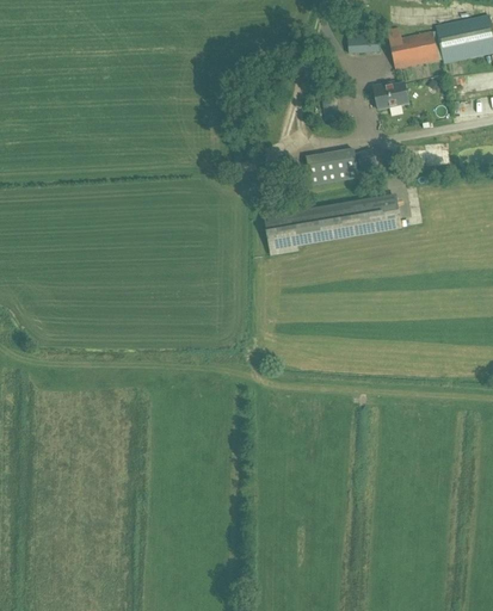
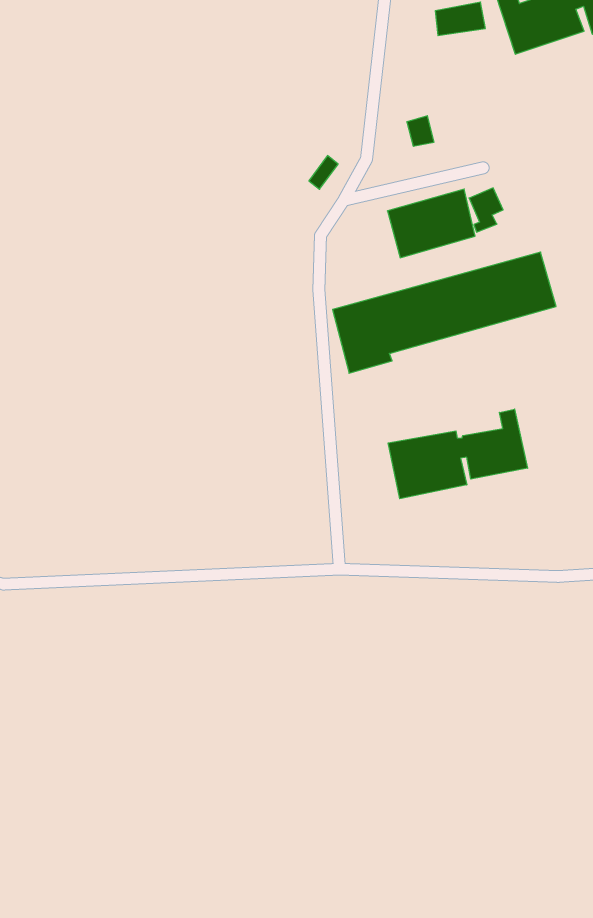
building: [375,81,408,109] -> none
building: none -> [388,409,528,499]

